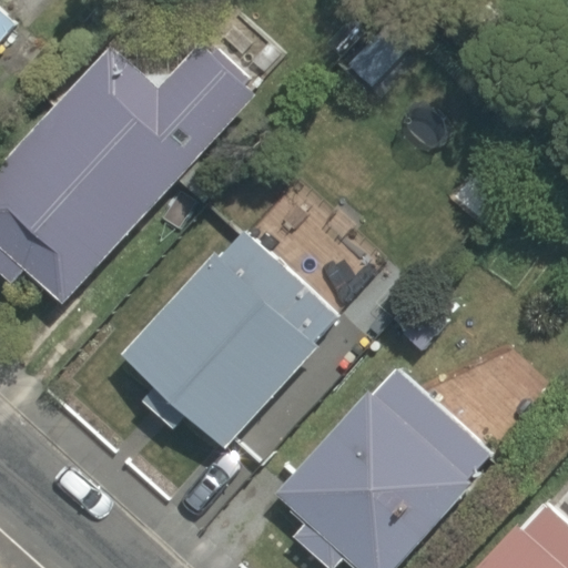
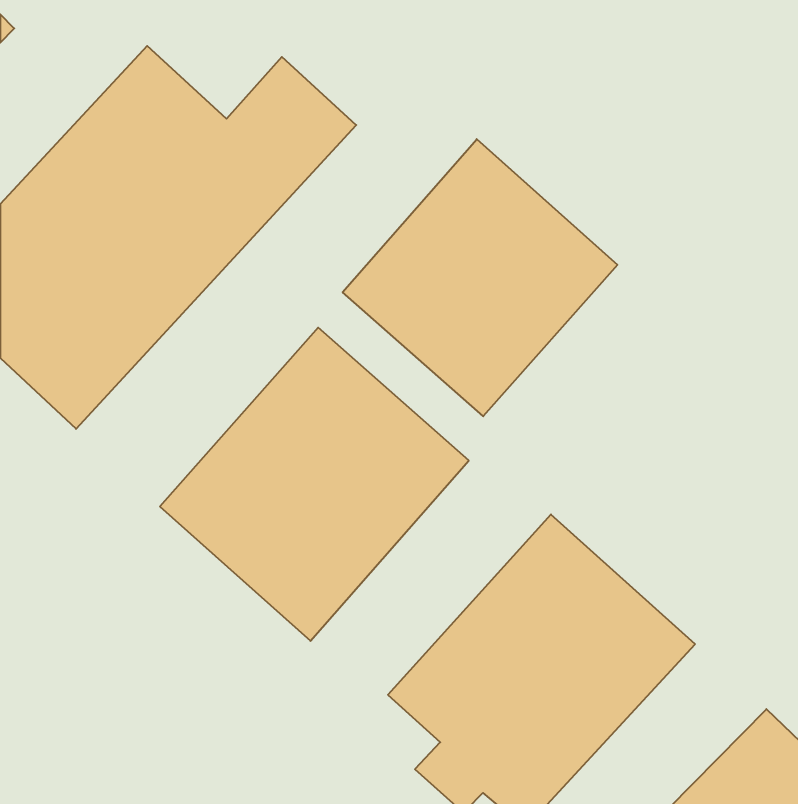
building: none -> [343,139,617,416]

